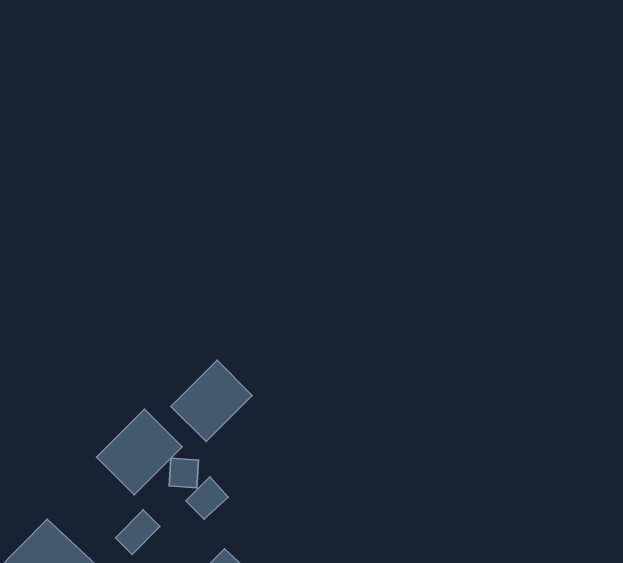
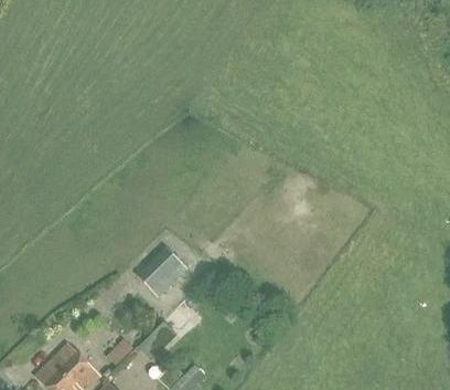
building: [97,409,182,495] -> none

